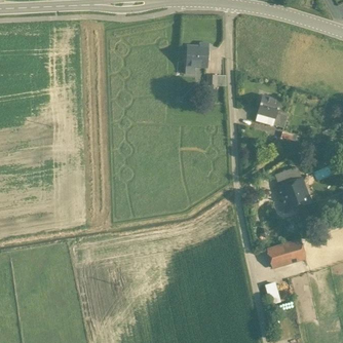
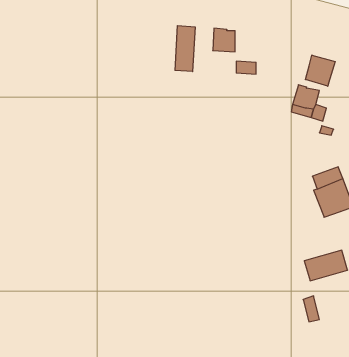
building: none -> [175,26,195,72]
building: none -> [305,55,335,86]

